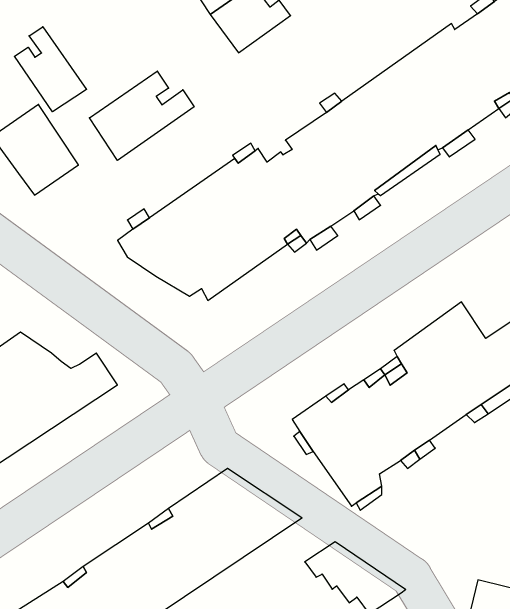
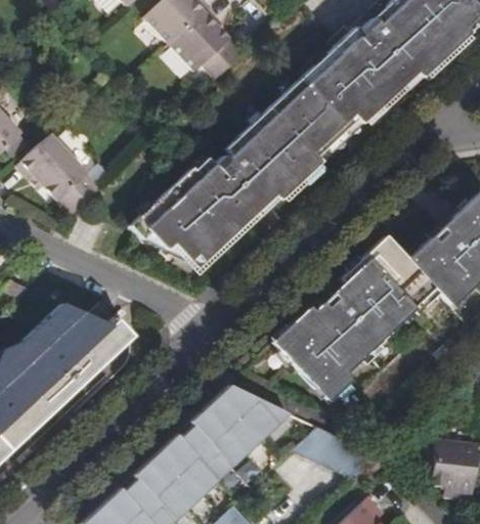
building: [14,27,87,112] -> none
building: [89,71,194,160] -> none

